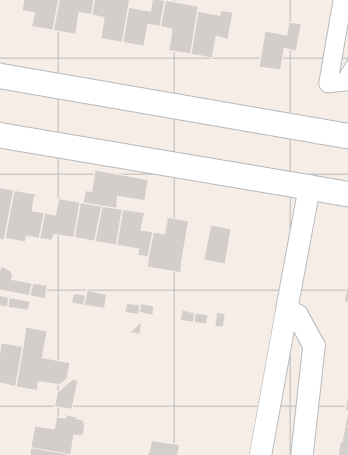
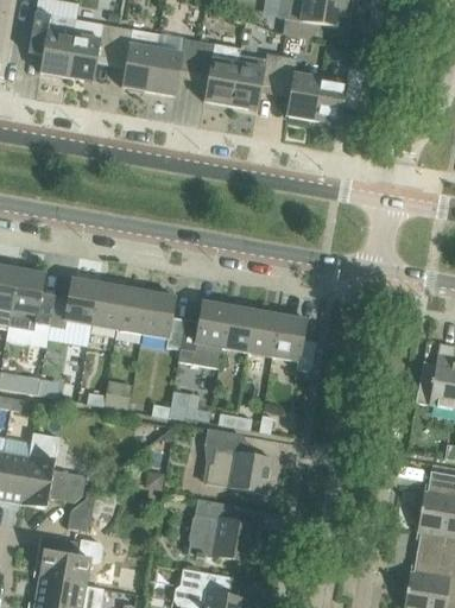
building: none -> [276,55,320,120]
building: [83,170,148,208] -> none
building: none -> [221,305,254,352]
building: none -> [272,315,316,370]
building: none -> [203,428,272,494]
building: none -> [188,498,260,560]

